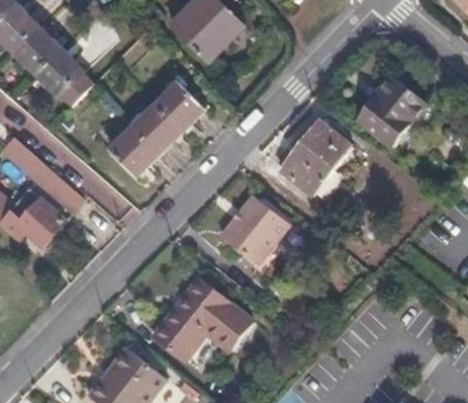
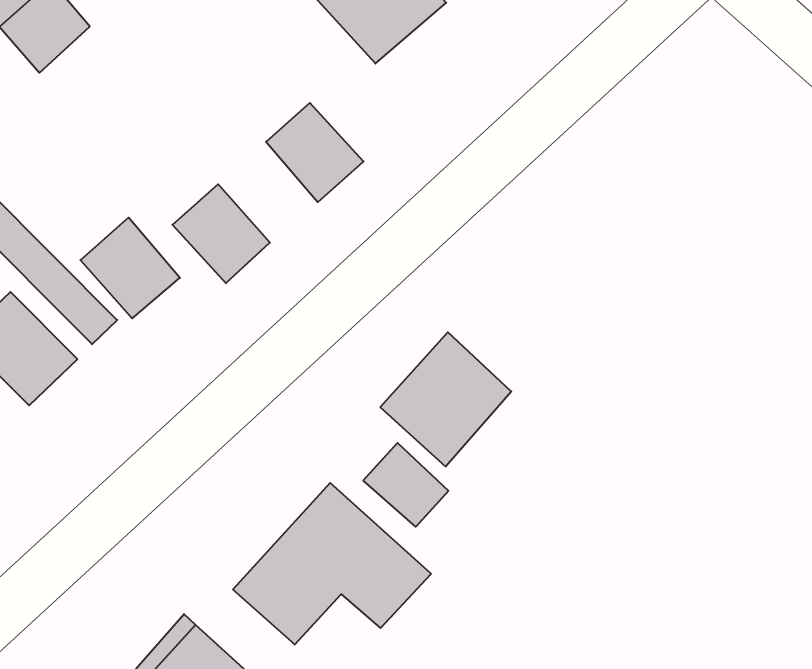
building: [36,51,84,99] -> none
building: [356,75,428,148] -> none
building: [131,104,183,156] -> [80,218,180,318]
building: [279,120,353,197] -> none
building: none -> [363,443,448,527]

